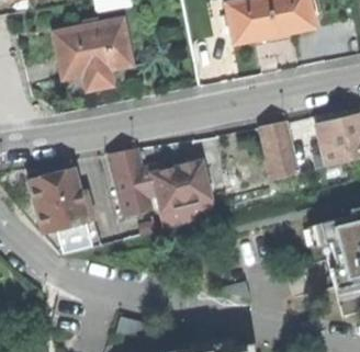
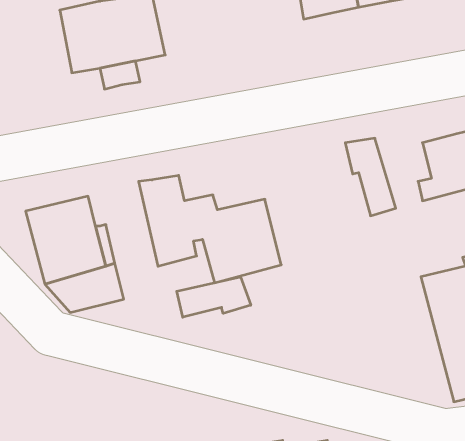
building: none -> [177,277,251,317]

